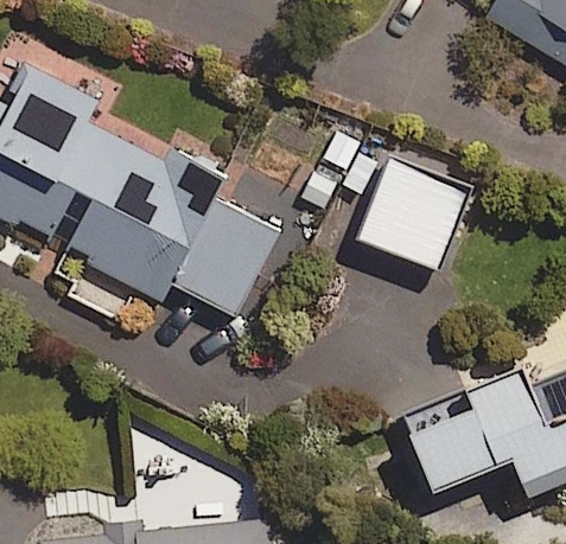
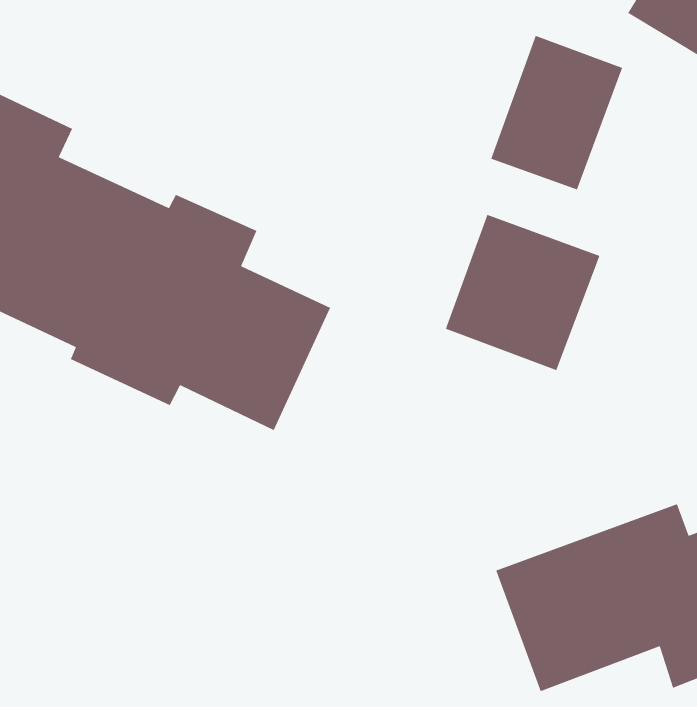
building: none -> [490,35,623,191]

